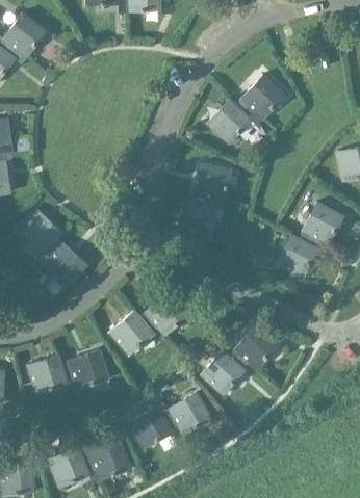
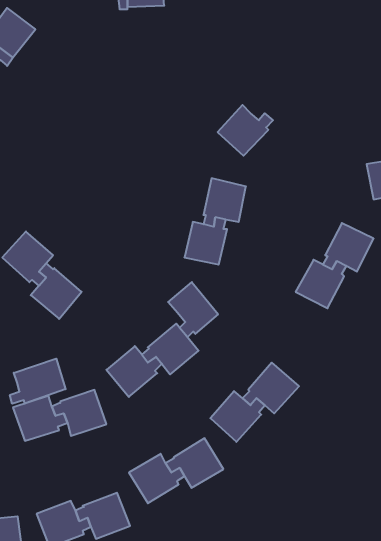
building: [235,75,285,120] -> none
building: none -> [168,282,218,337]
building: none -> [10,359,66,404]

